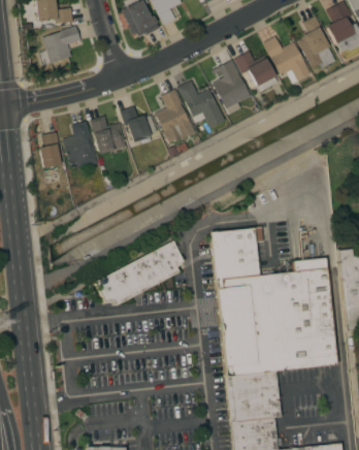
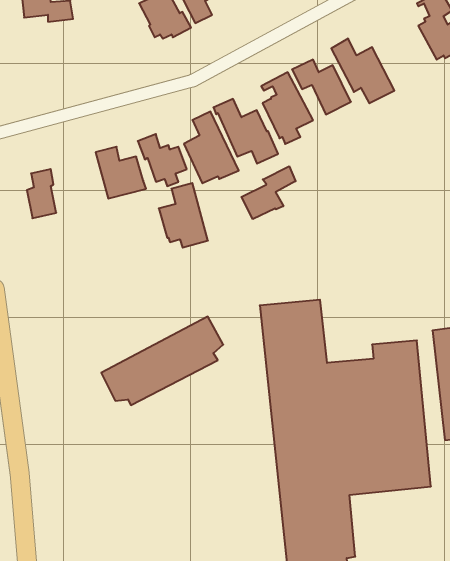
building: [297,14,335,67] -> none
building: [38,25,80,64] -> none
building: [62,120,98,167] -> [159,183,208,248]
building: none -> [241,166,296,219]

